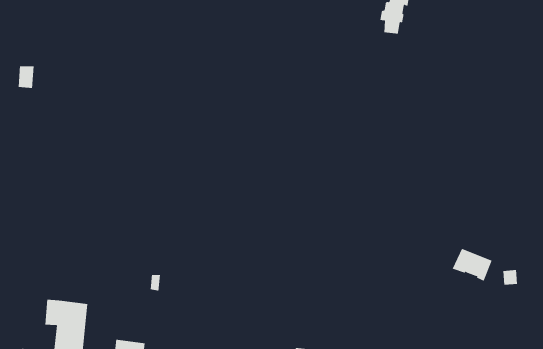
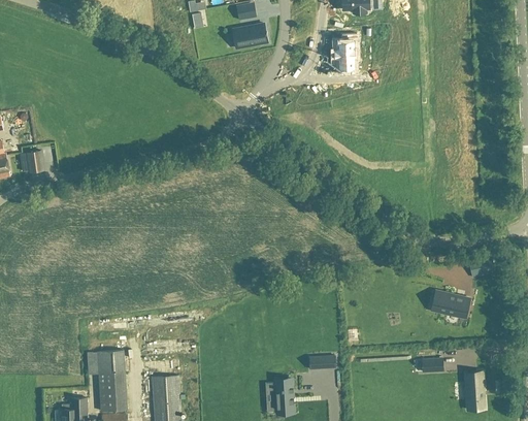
building: [452,248,493,282] -> [435,292,469,318]

